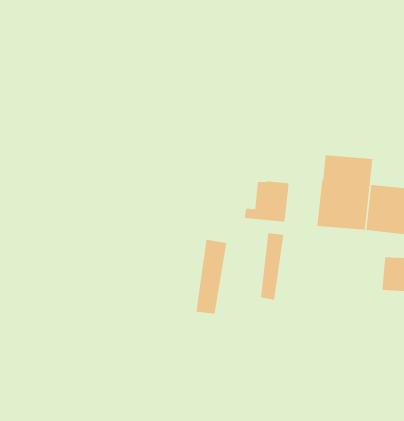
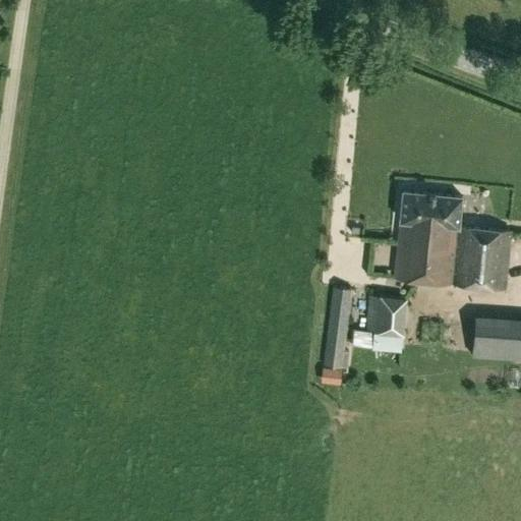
building: [244,181,289,222] -> [352,296,408,347]
building: [196,239,227,314] -> none

